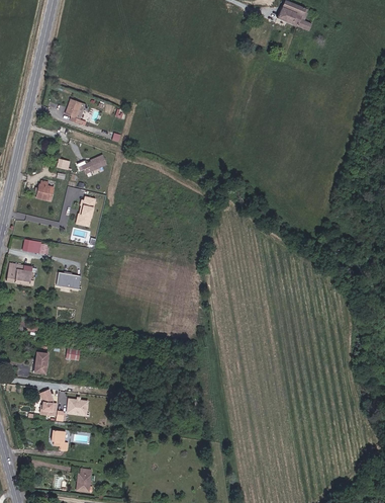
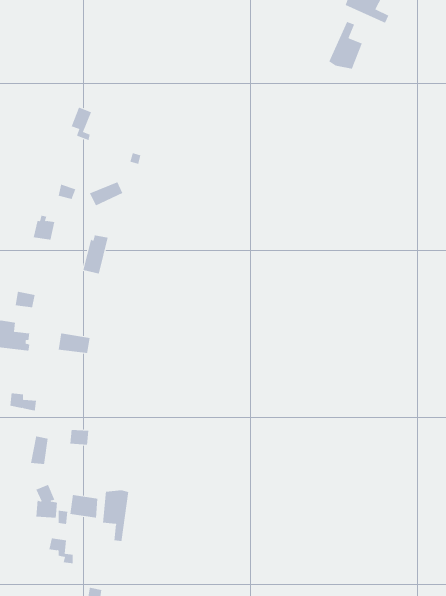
building: none -> [328,21,362,70]
building: none -> [102,489,129,542]

